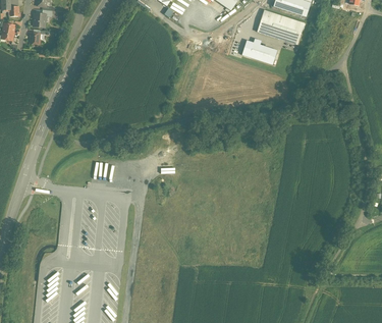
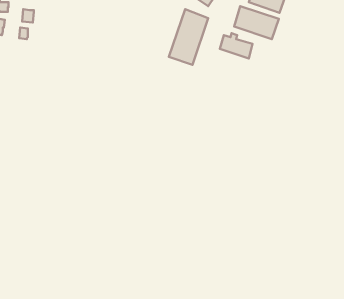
building: none -> [169,9,208,65]

